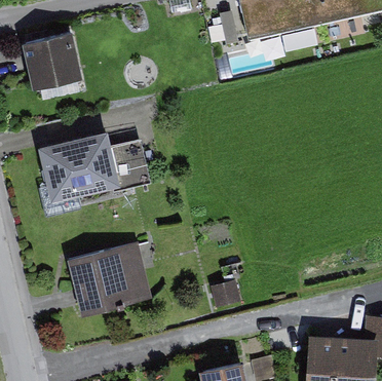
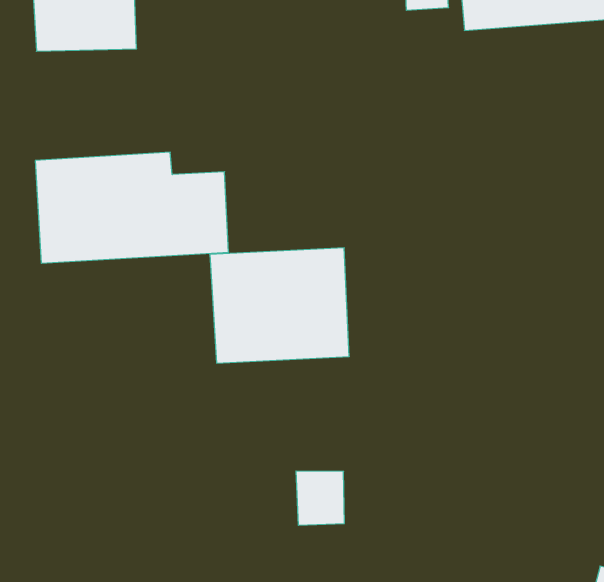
building: [69,237,150,308] -> [210,248,349,363]

